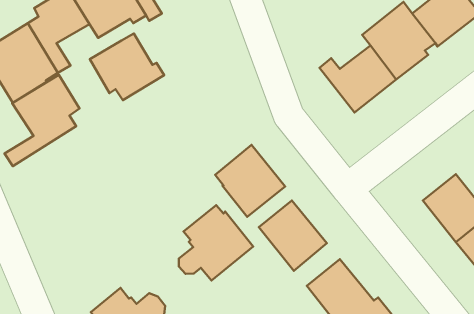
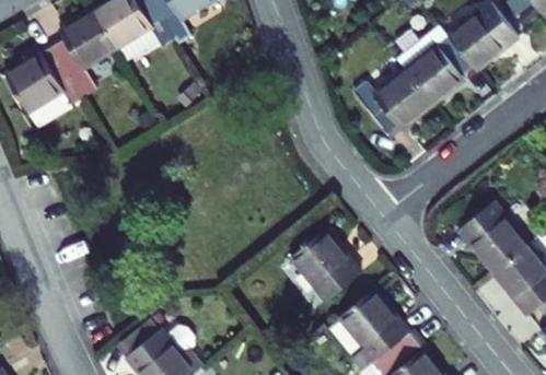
building: [90,34,164,100] -> none
building: [5,75,80,166] -> none
building: [215,145,285,217] -> none
building: [179,205,253,280] -> none

